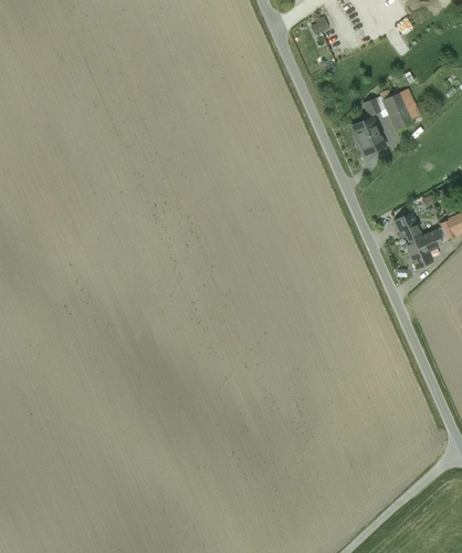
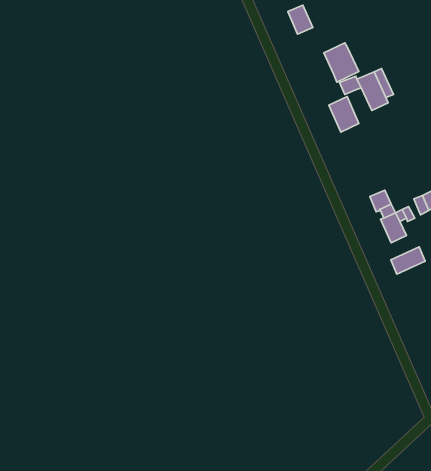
building: none -> [324,43,359,82]
building: none -> [391,247,425,274]

